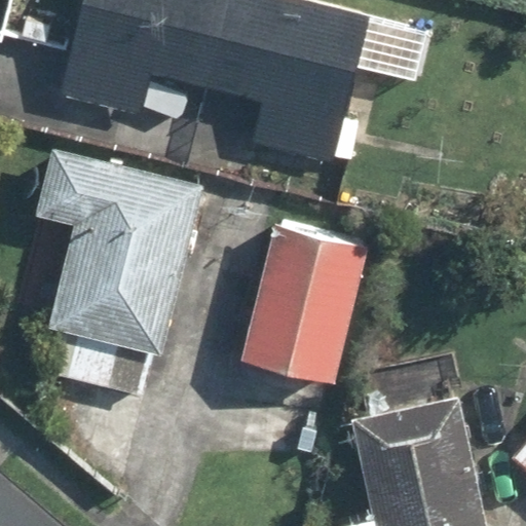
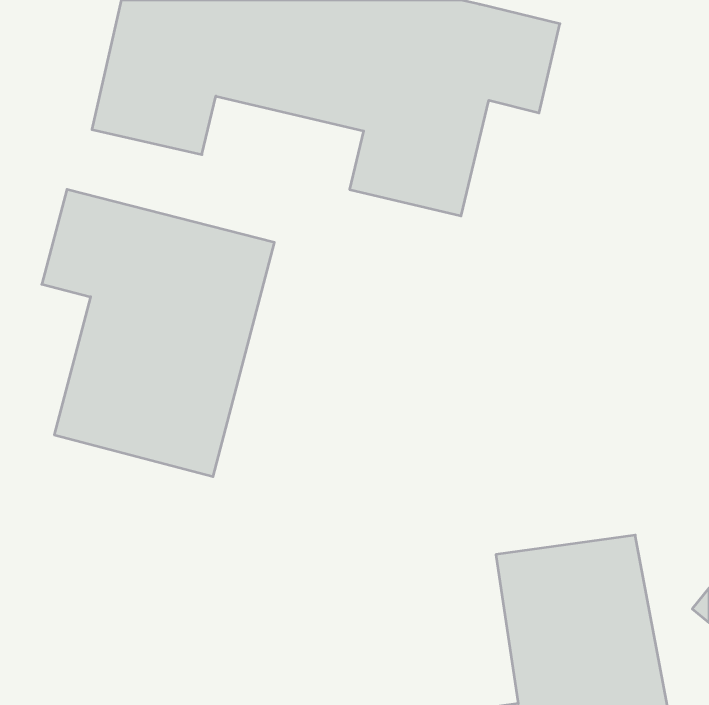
building: [240,220,360,378] -> none

